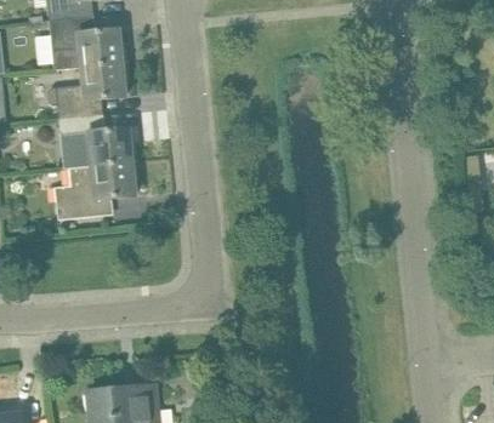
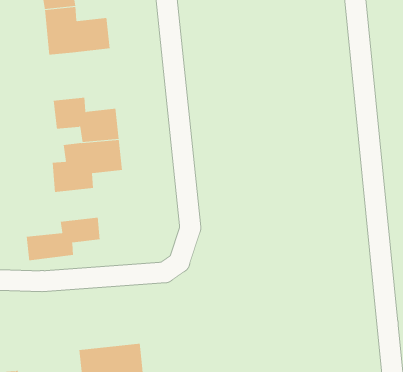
building: [49,61,126,118] -> none
building: none -> [26,217,100,261]

